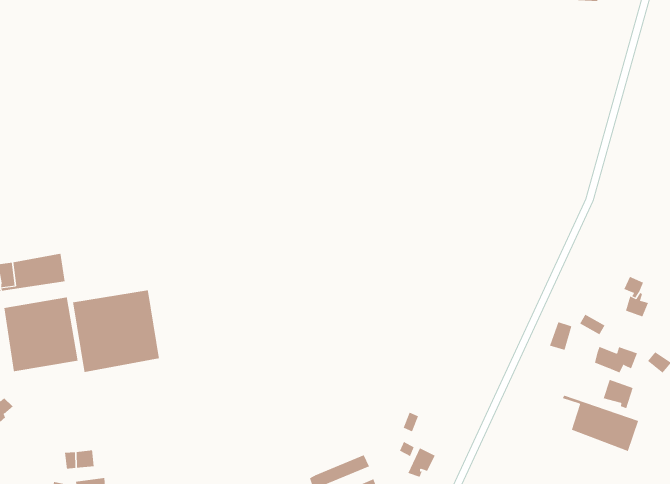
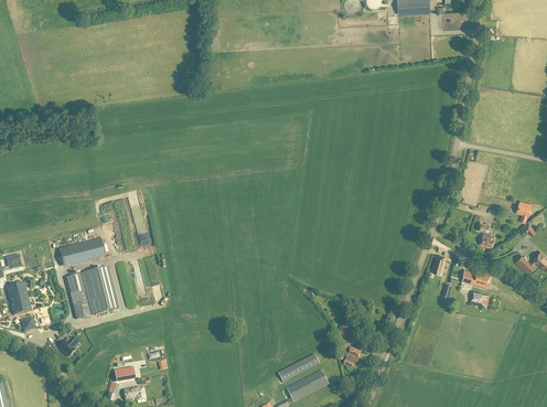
building: [72,290,159,373] -> none
building: [562,395,639,452] -> none

